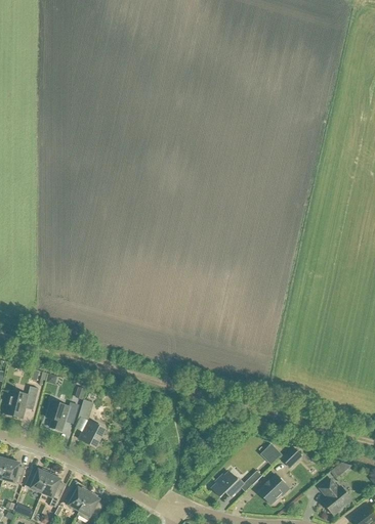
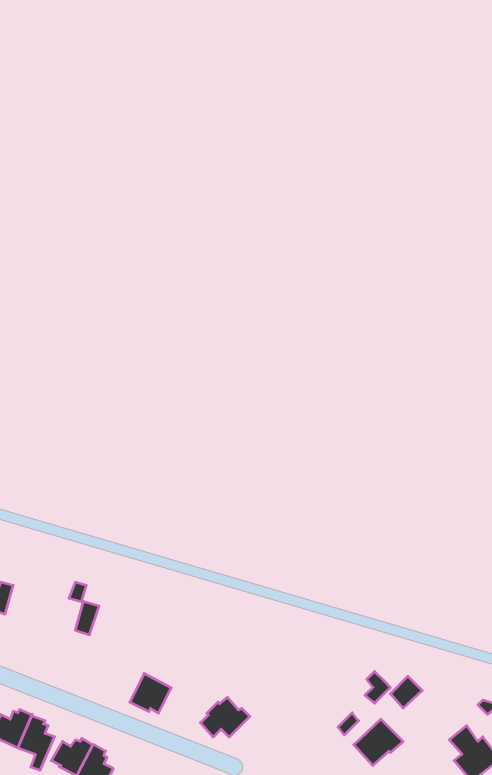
building: [45,400,78,430] -> none
building: [78,420,105,445] -> [130,673,171,713]
building: [211,471,243,496] -> [200,697,250,737]

